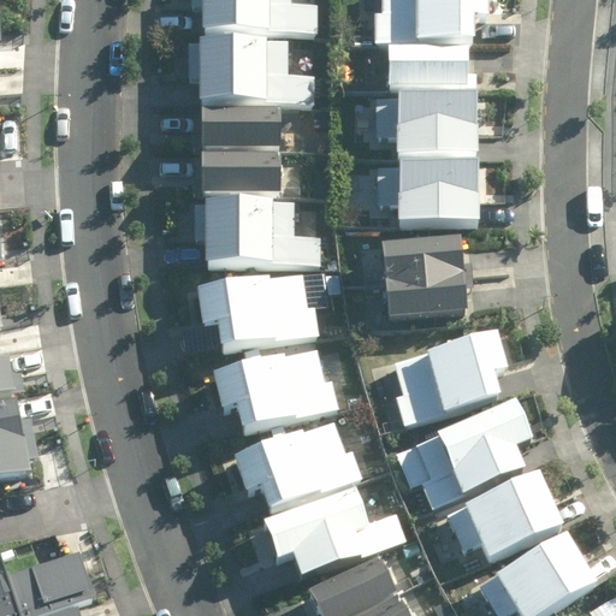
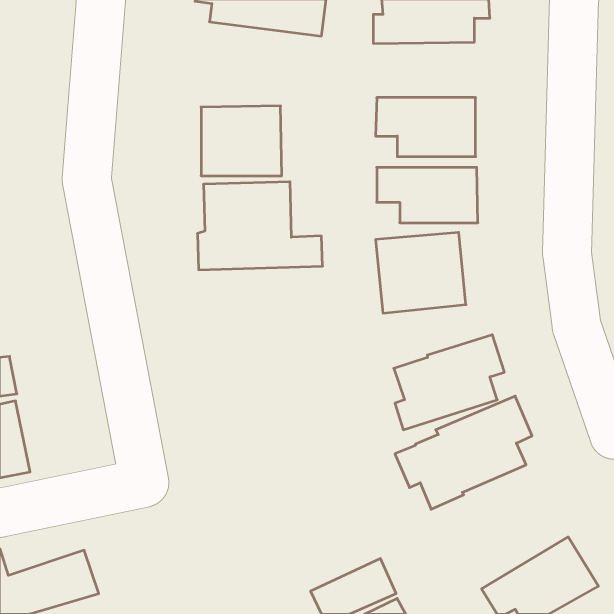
building: [186,32,316,103] -> none
building: [389,49,469,90] -> none
building: [199,270,325,348] -> none
building: [219,349,338,431] -> none
building: [233,422,366,509] -> none
building: [448,474,564,562] -> none
building: [263,487,403,574] -> none

